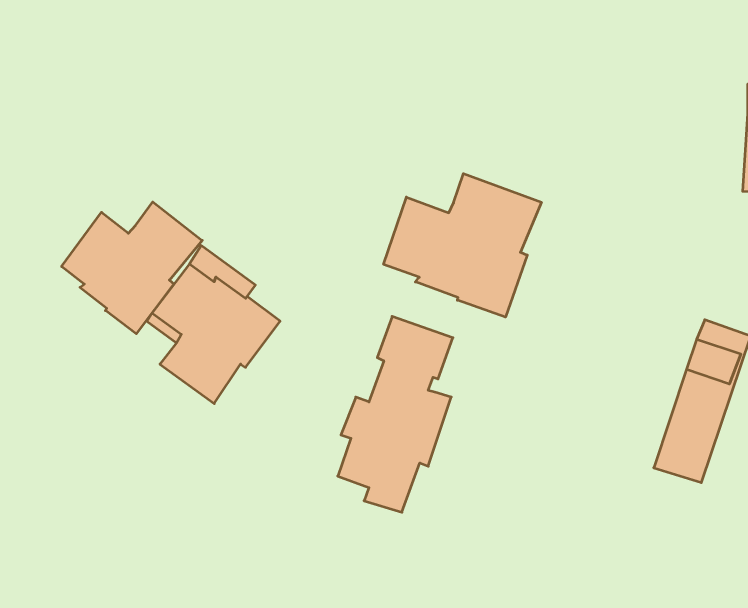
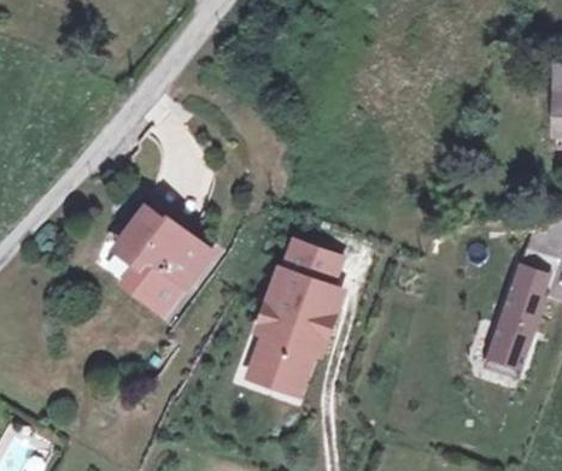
building: [384,174,541,317] -> none
building: [62,202,202,334] -> none

